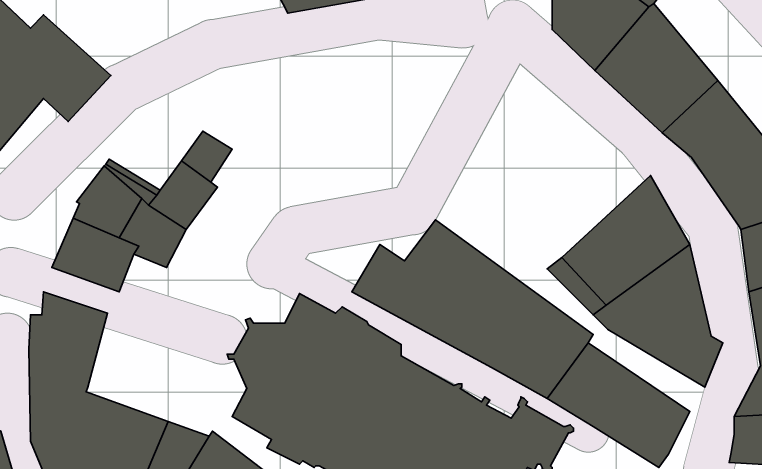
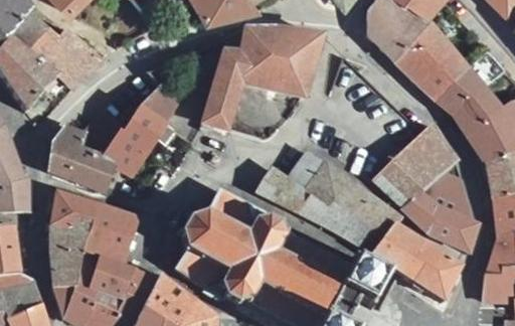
building: none -> [198,32,319,136]
building: none -> [48,130,80,179]
building: none -> [85,207,138,264]

